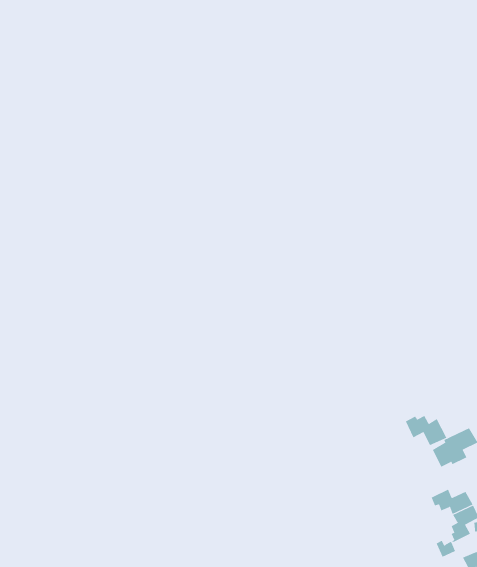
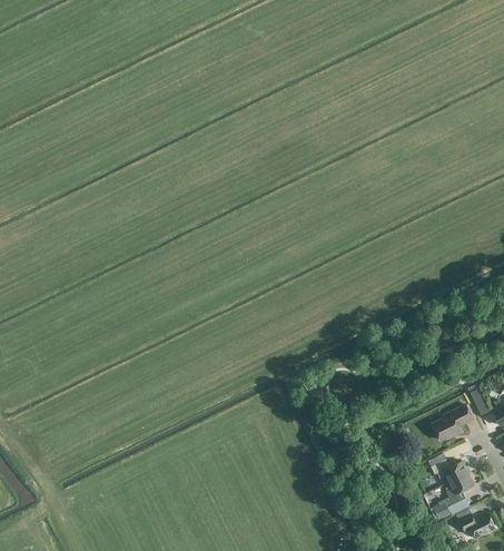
building: [405,415,447,446] -> none

